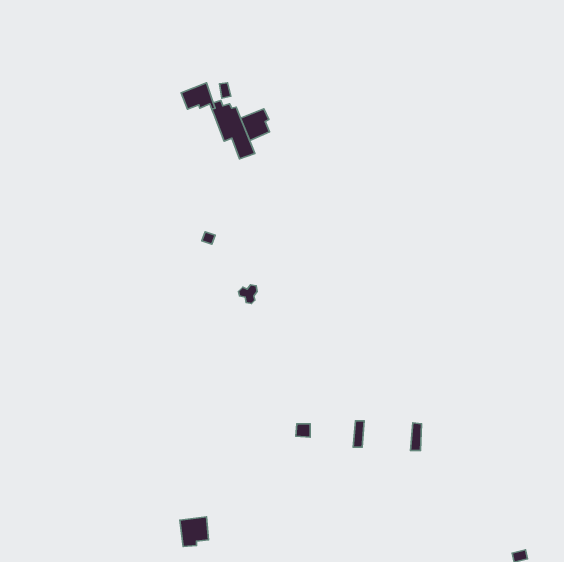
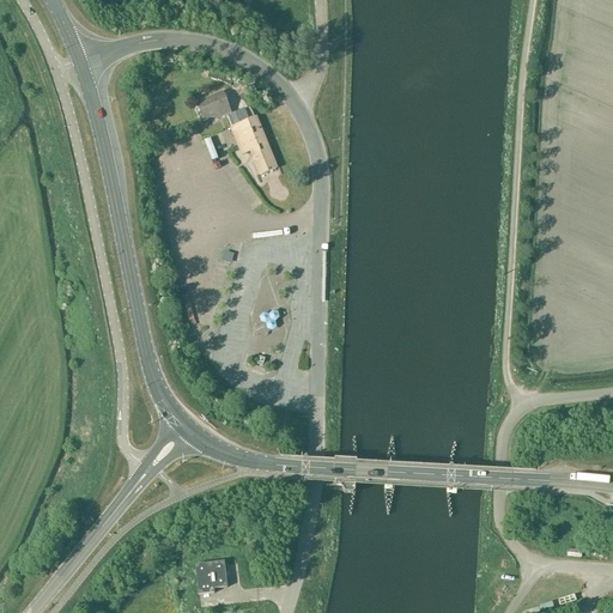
building: [241,109,270,140] -> none

